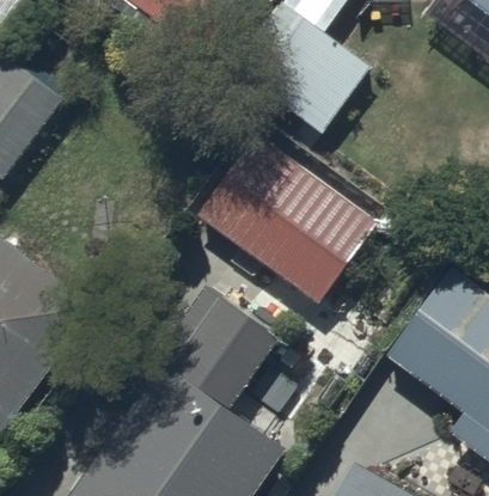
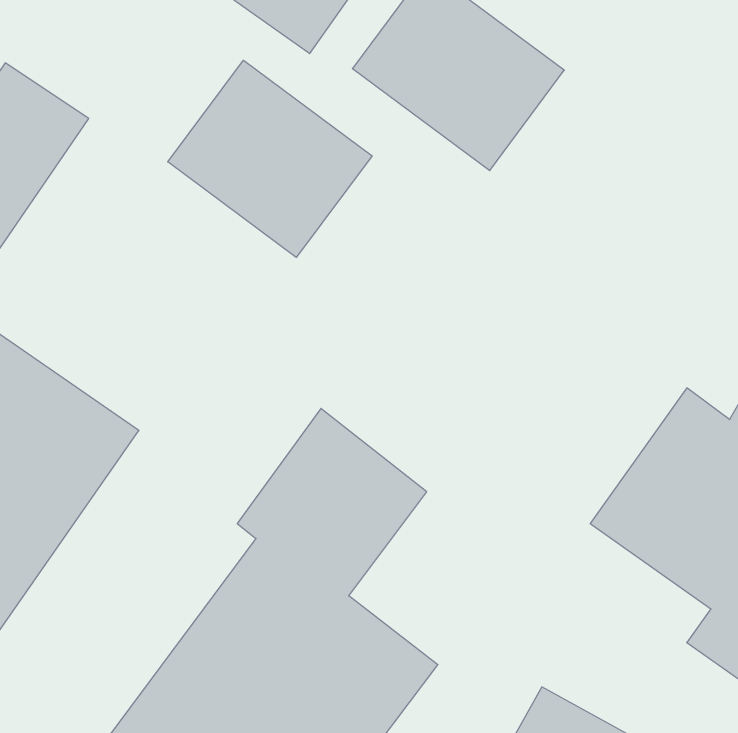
building: none -> [168,60,372,257]
building: [197,134,379,307] -> none

